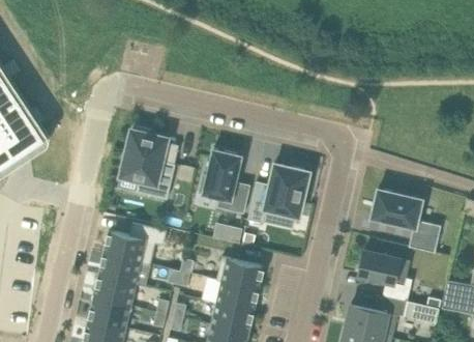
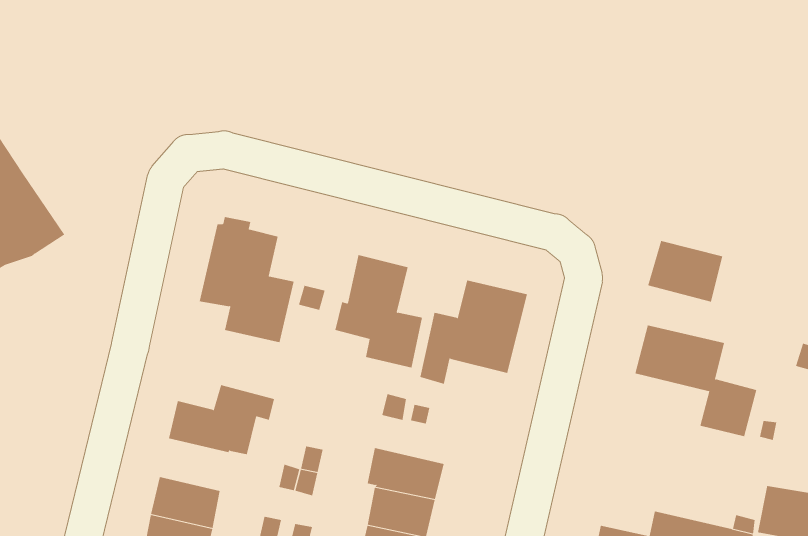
building: none -> [647,240,723,302]
building: [357,250,410,285] -> none
building: [98,254,139,284] -> none

